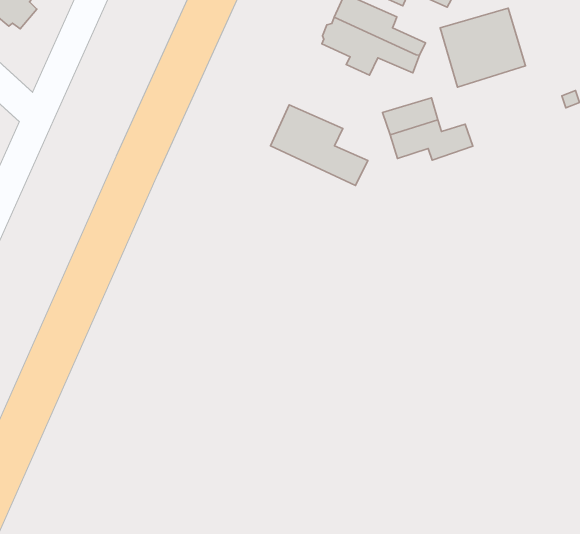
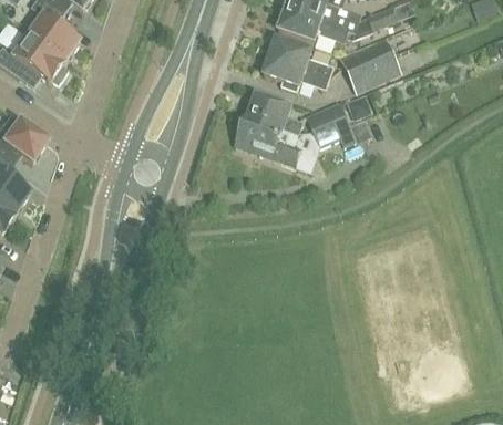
building: none -> [245,94,301,133]

